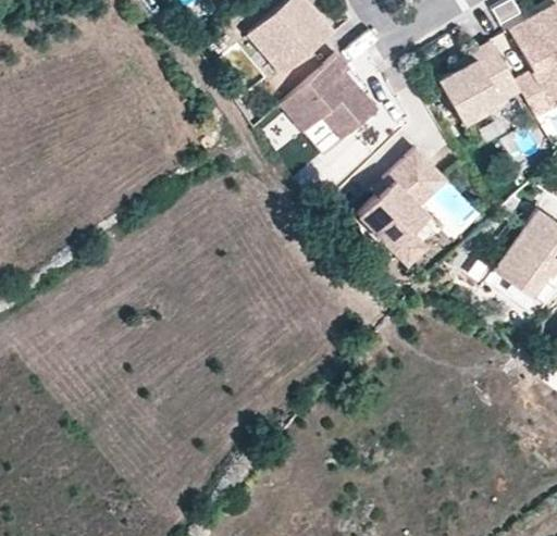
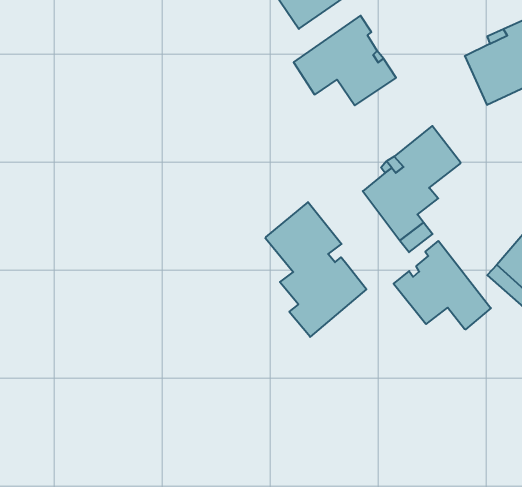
building: none -> [266,202,366,337]
building: none -> [394,241,491,329]

